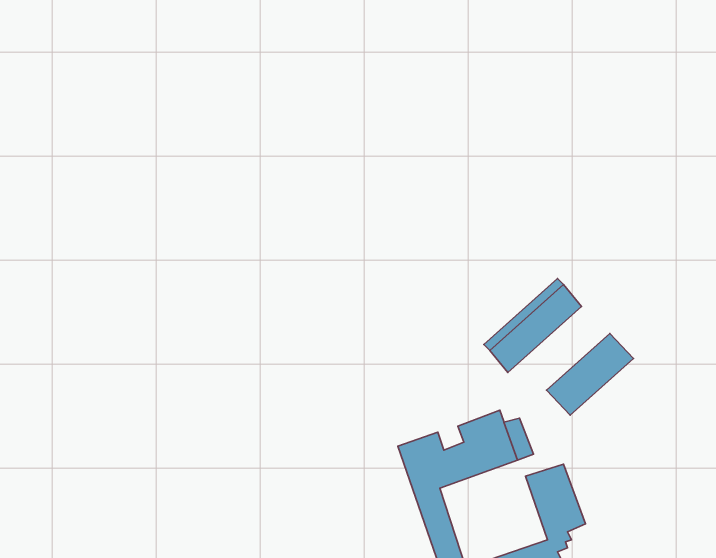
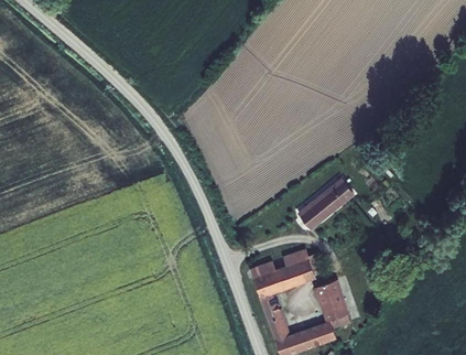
building: [546,334,634,415] -> none

